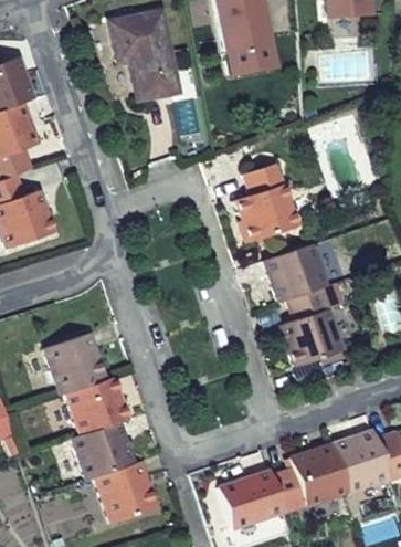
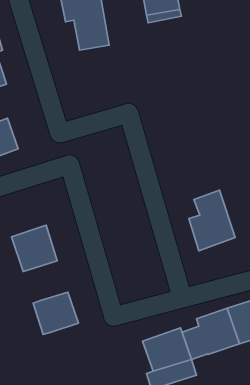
building: [236,162,298,241] -> none
building: [265,243,327,301] -> none
building: [68,377,129,433] -> none
building: [98,461,158,523] -> none

